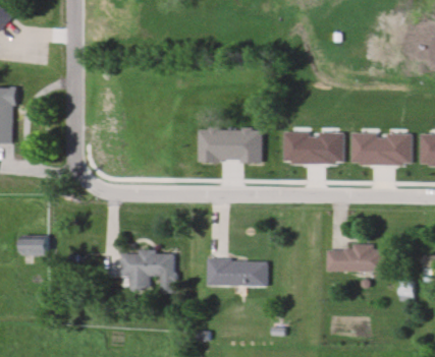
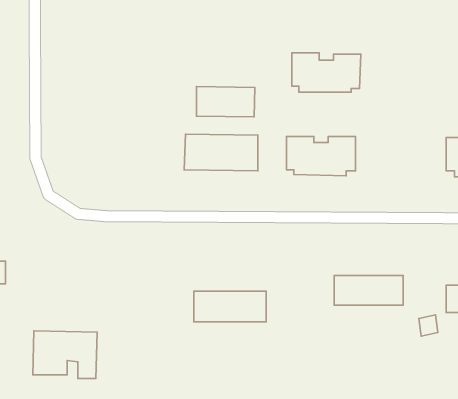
building: none -> [197,86,255,117]
building: [355,129,414,163] -> [292,53,361,92]
building: [120,252,175,293] -> [33,331,97,378]

